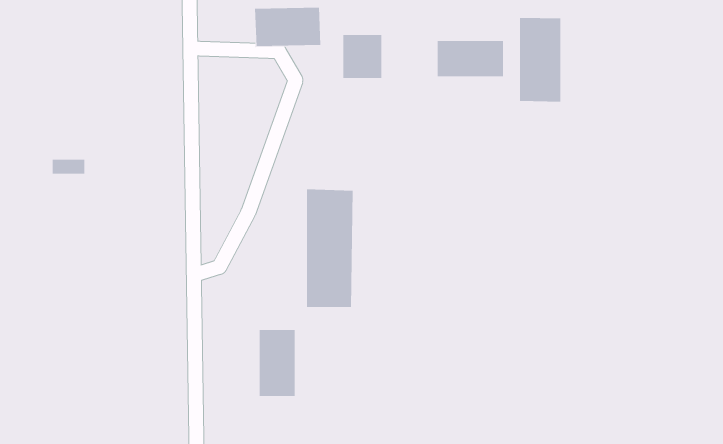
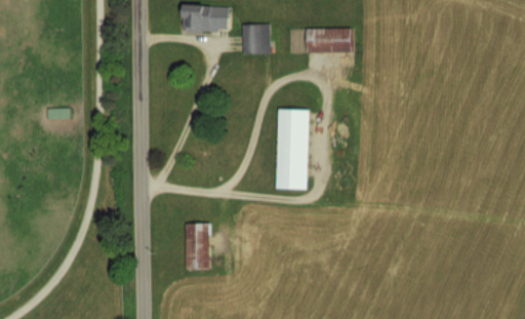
building: [519,17,561,102] -> none
building: [306,189,353,308] -> [277,109,309,189]

